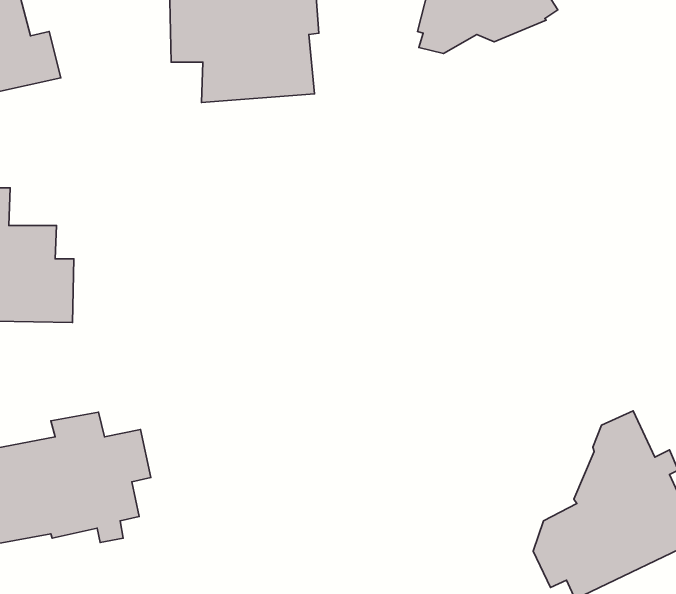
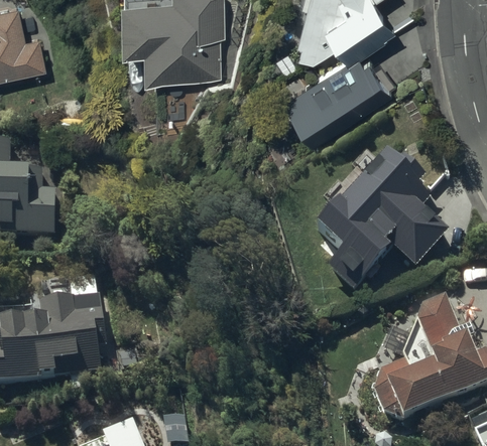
building: none -> [285,36,390,128]
building: none -> [317,145,449,280]

